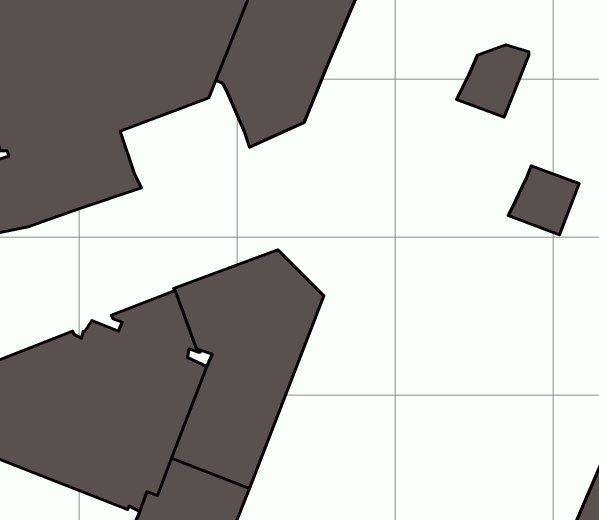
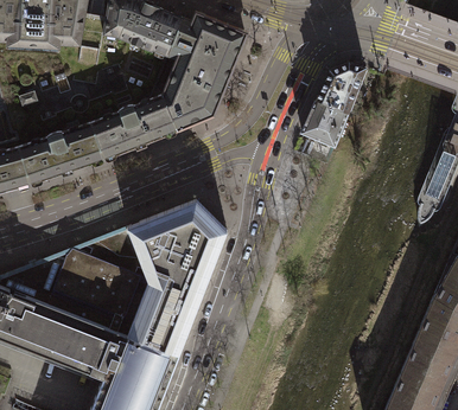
building: none -> [90,87,177,159]
building: [508,166,579,235] -> [300,100,348,146]

